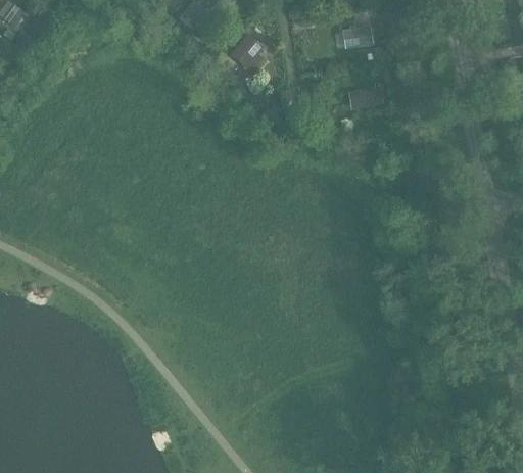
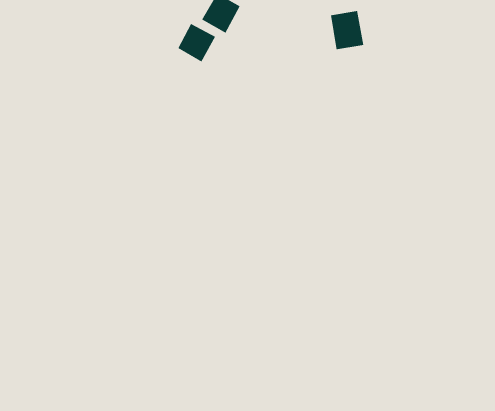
building: none -> [177,23,216,62]

